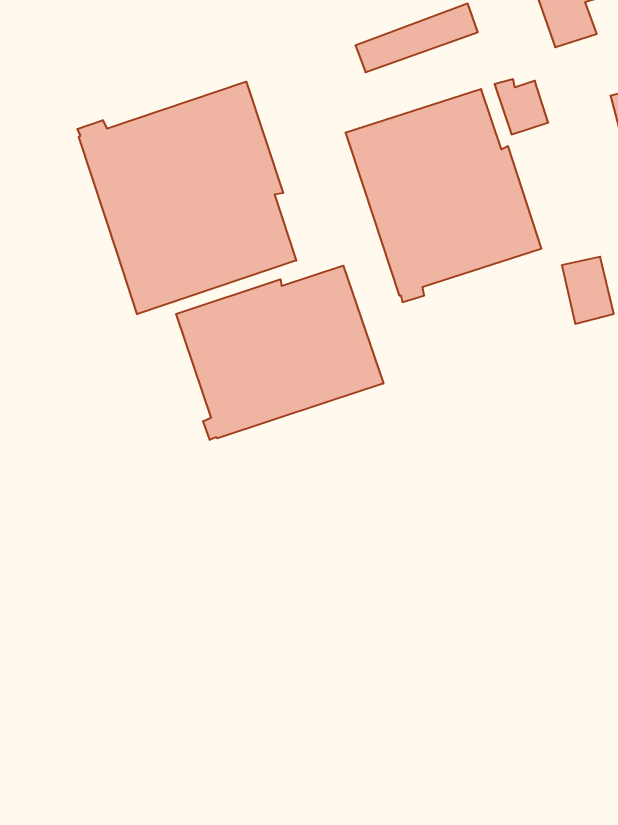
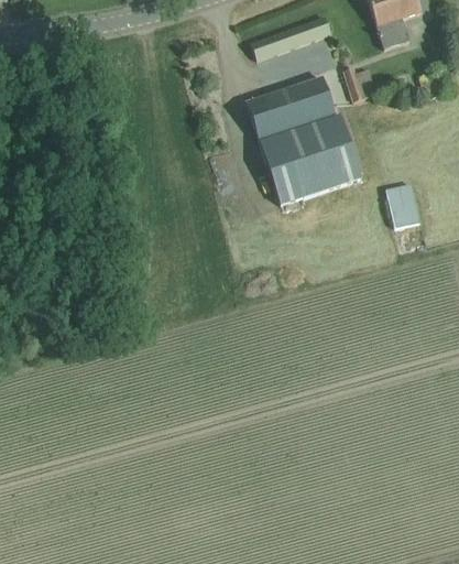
building: [77,82,296,314] -> none
building: [176,266,383,440] -> none

